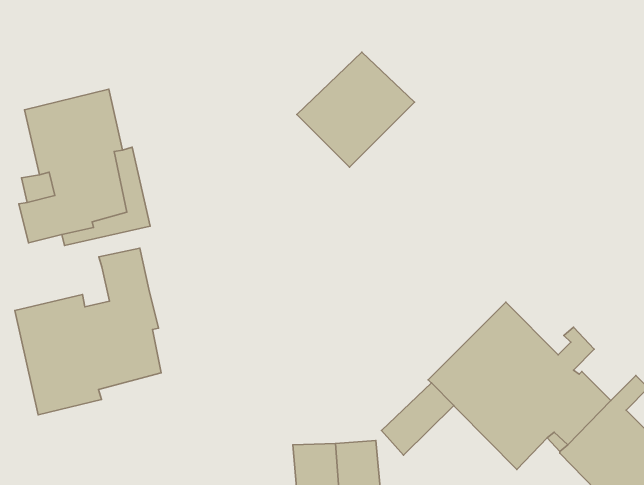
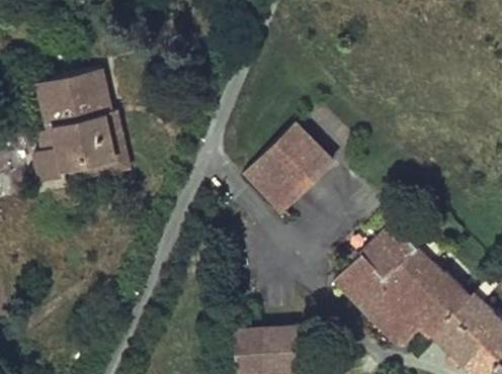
building: [297,52,415,167] -> [245,123,331,207]
building: [15,248,161,415] -> none
building: [381,383,454,455] -> none

